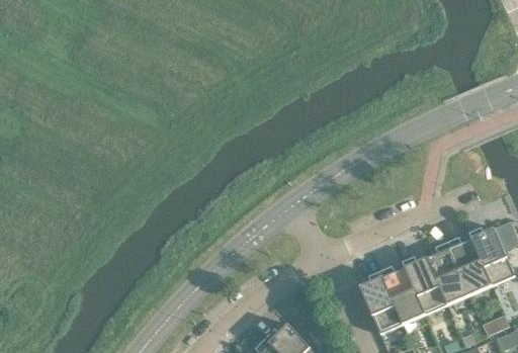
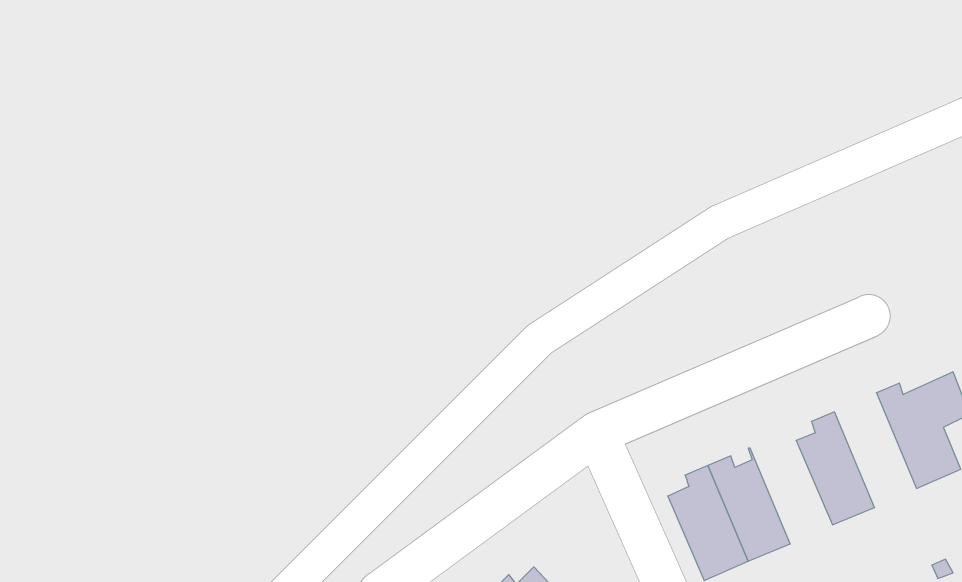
building: [447,233,491,293] -> none
building: [403,256,446,313] -> none

